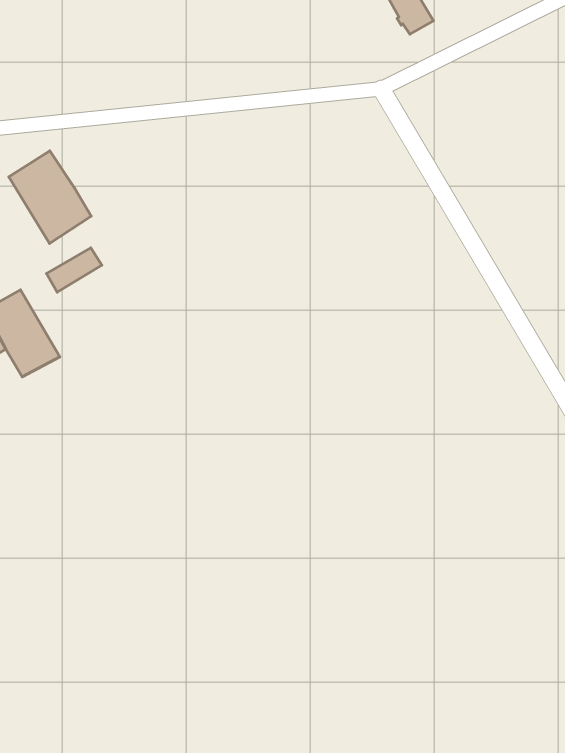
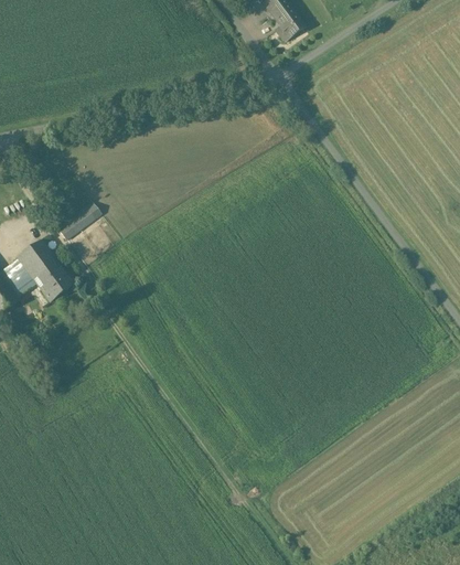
building: [9,151,91,244] -> none

